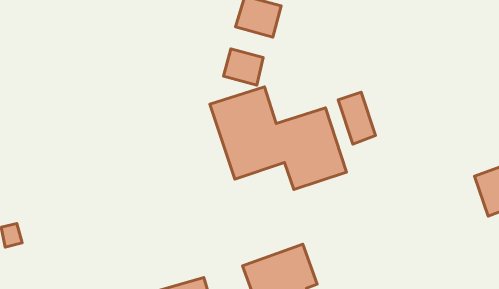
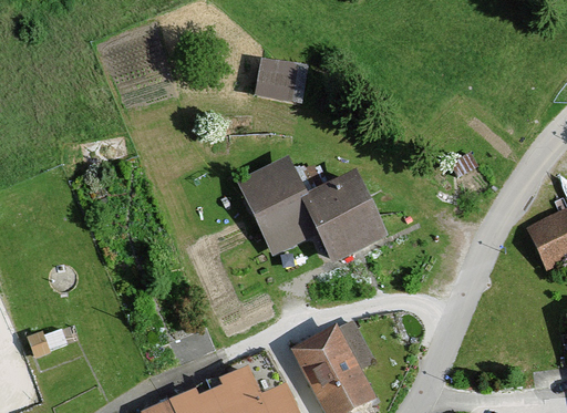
building: [223,49,263,85] -> none
building: [338,92,375,144] -> none

